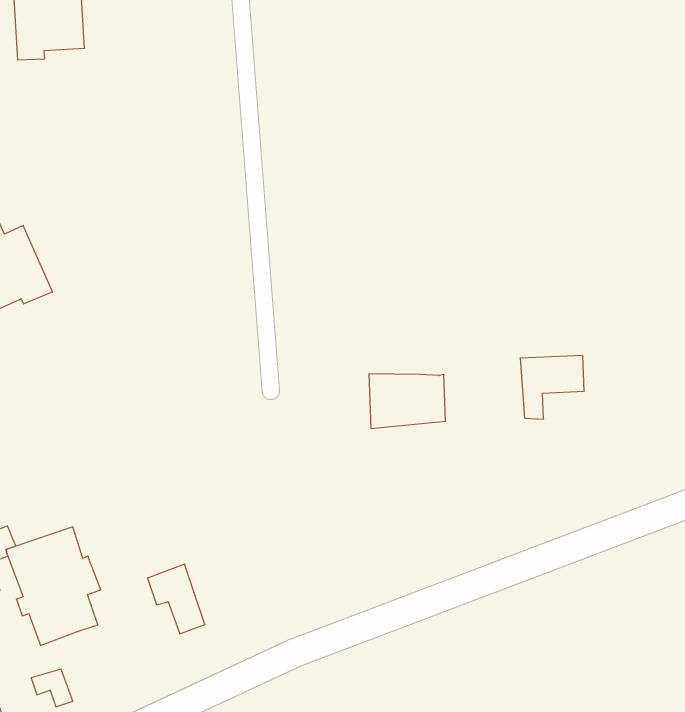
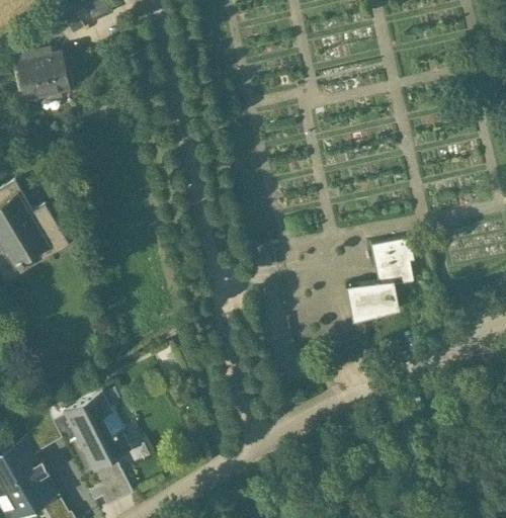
building: [369,374,446,429] -> [345,283,398,324]
building: [147,564,205,634] -> [91,459,132,504]

